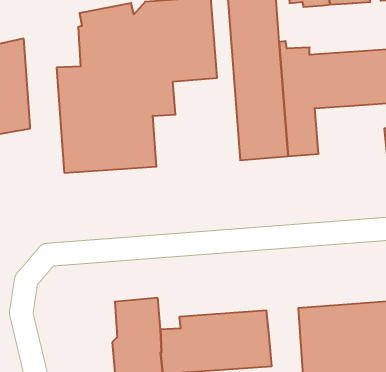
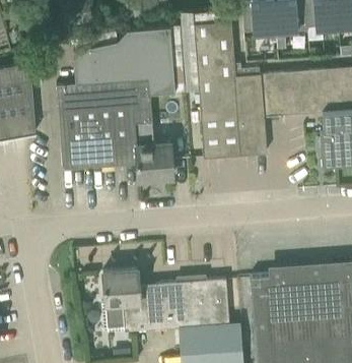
building: none -> [133,122,172,180]

